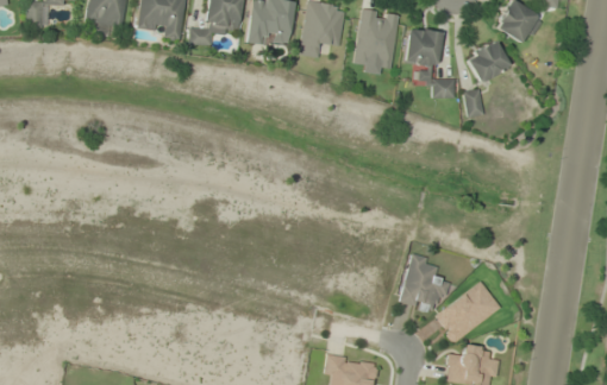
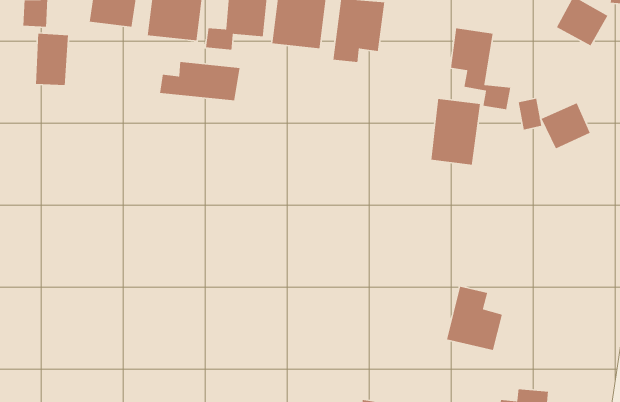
building: [355,10,399,69] -> [431,98,481,166]
building: none -> [35,33,69,86]
building: [465,40,509,82] -> [541,102,591,150]
building: none -> [159,61,241,101]
building: [433,282,501,342] -> none

